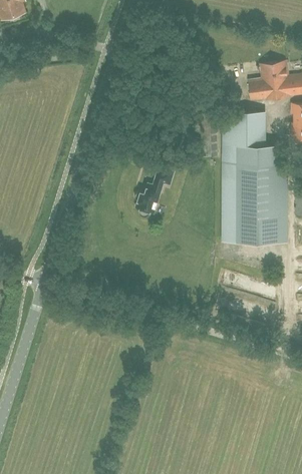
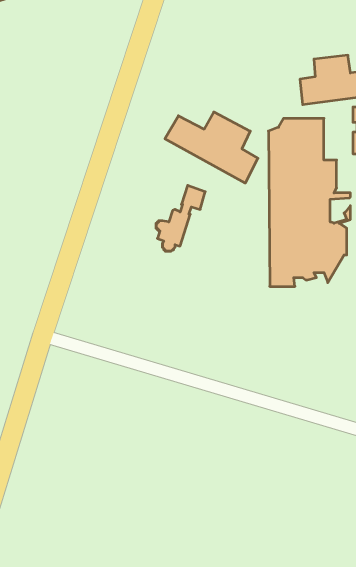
building: none -> [165,112,258,183]

